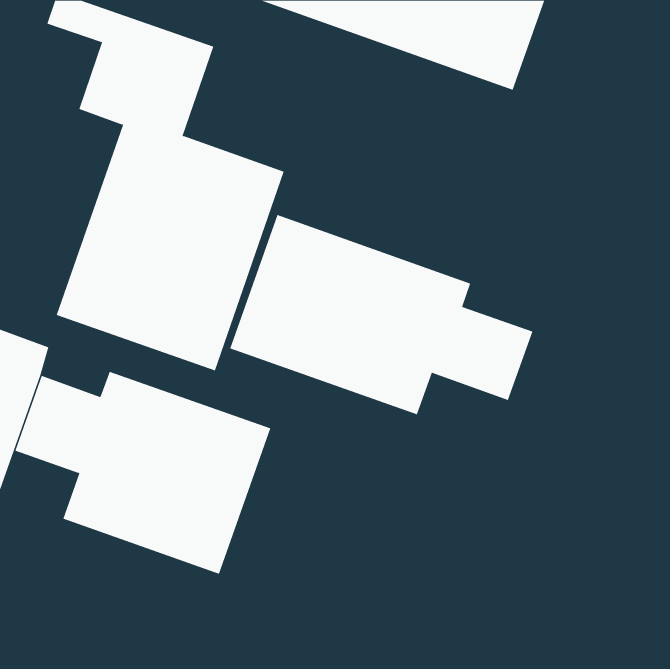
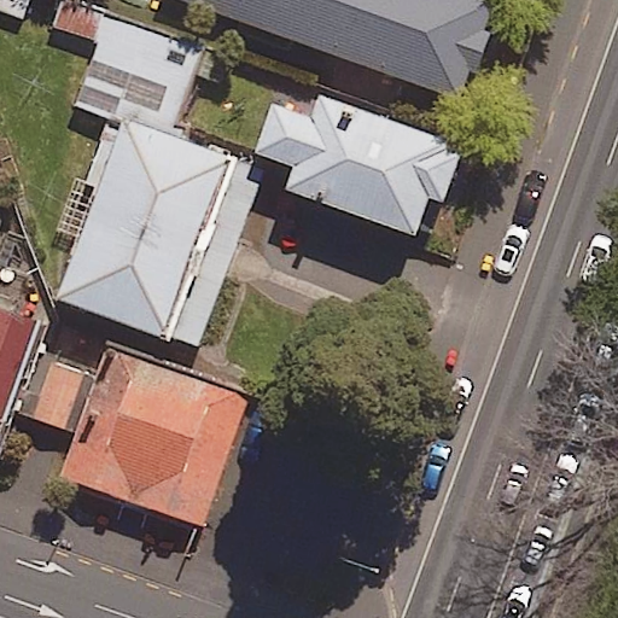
building: none -> [252,89,457,234]
building: [229,214,533,415] -> none

